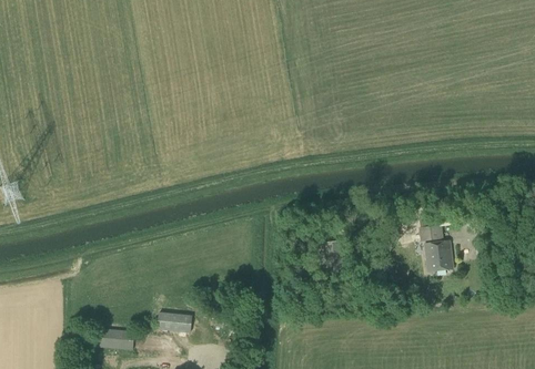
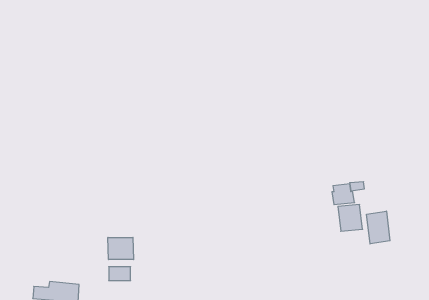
building: none -> [367,211,390,244]
building: none -> [108,237,134,260]

